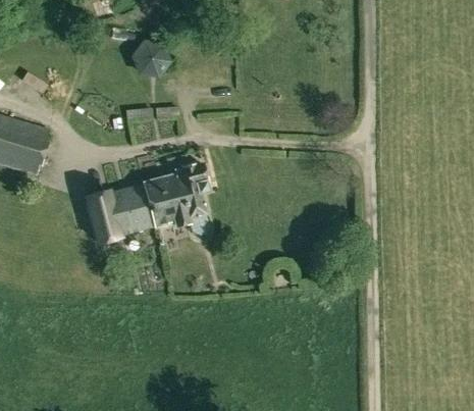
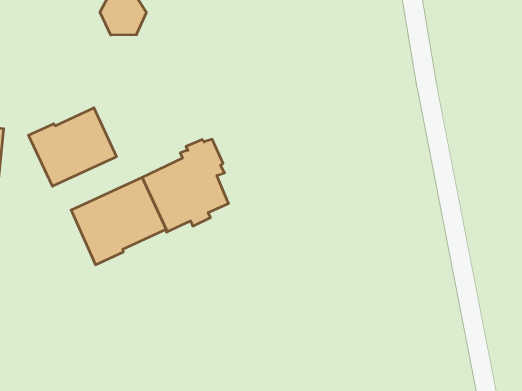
building: none -> [28,108,116,186]

